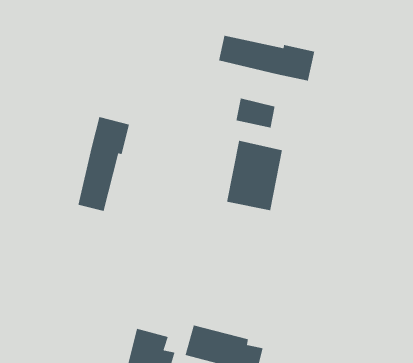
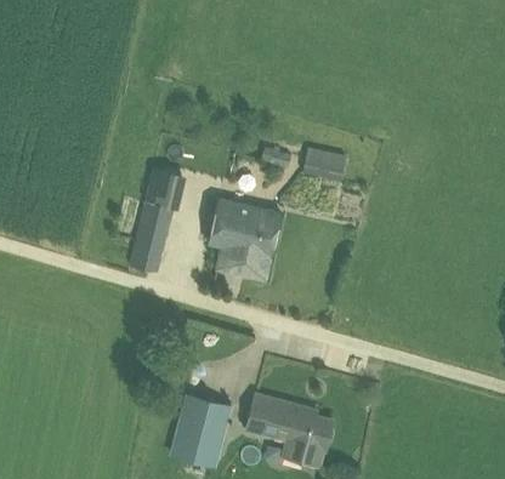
building: [218,35,315,82] -> none
building: [226,140,283,211] -> [215,201,277,279]

